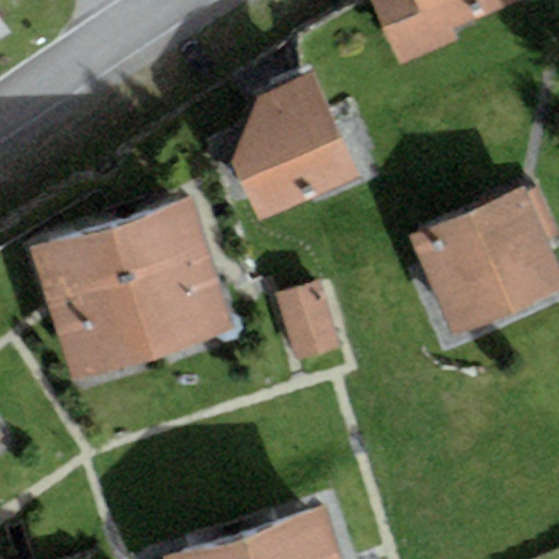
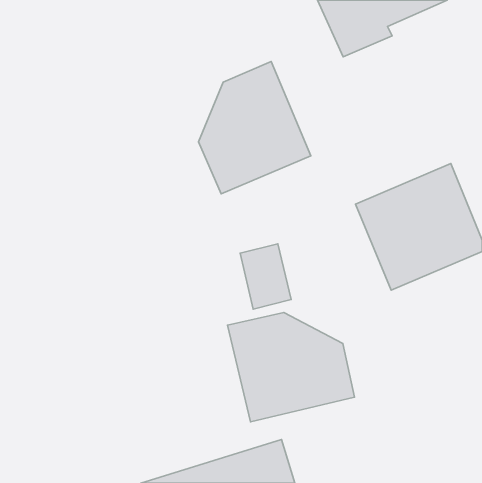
building: [35,202,234,380] -> none
building: none -> [228,312,355,422]

